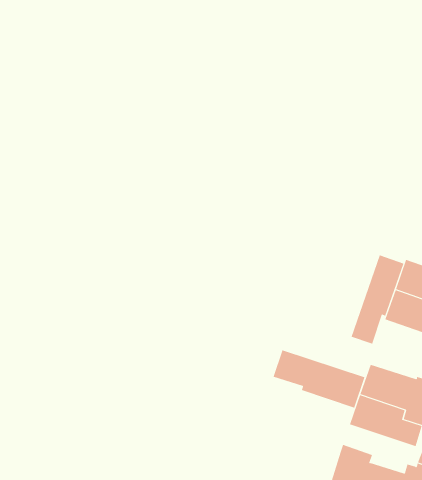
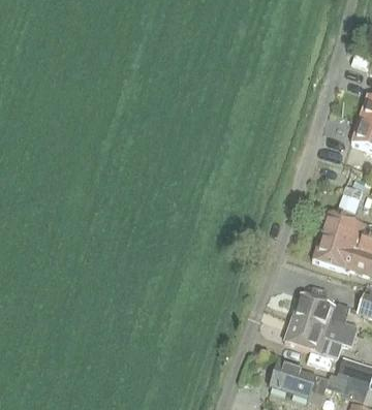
building: [351,254,404,345] -> none
building: [273,350,365,409] -> none

